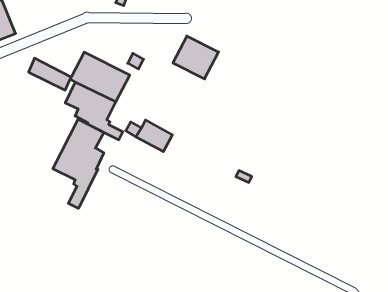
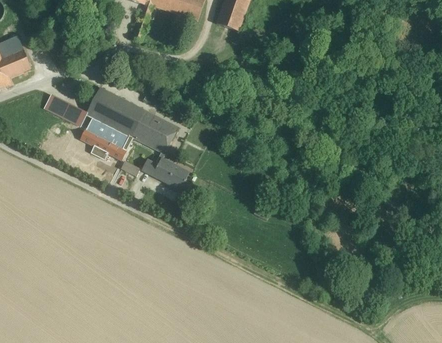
building: [173,36,219,79] -> [132,111,178,154]
building: [53,119,104,208] -> none

